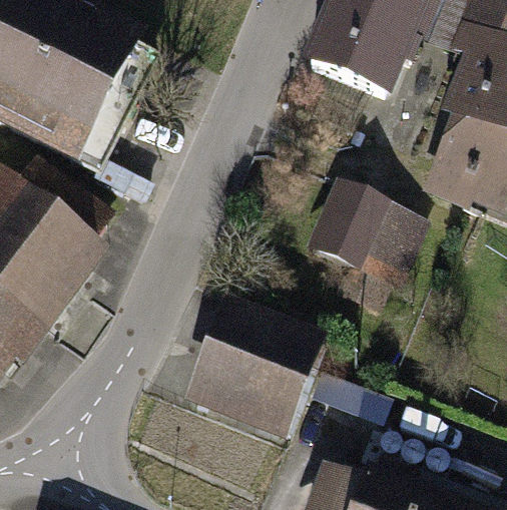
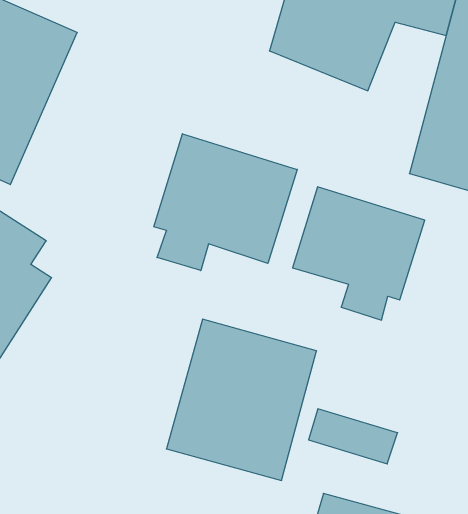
building: none -> [154,134,297,271]

